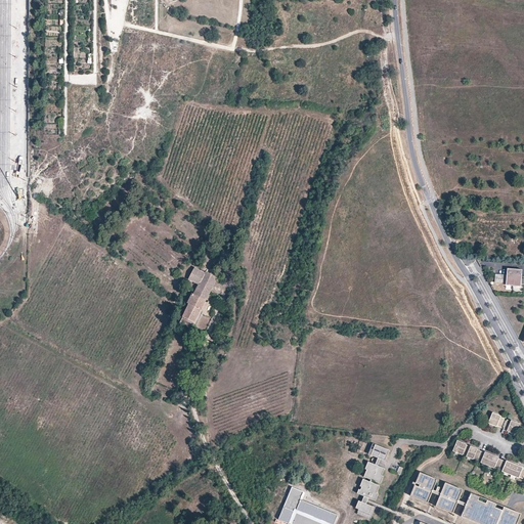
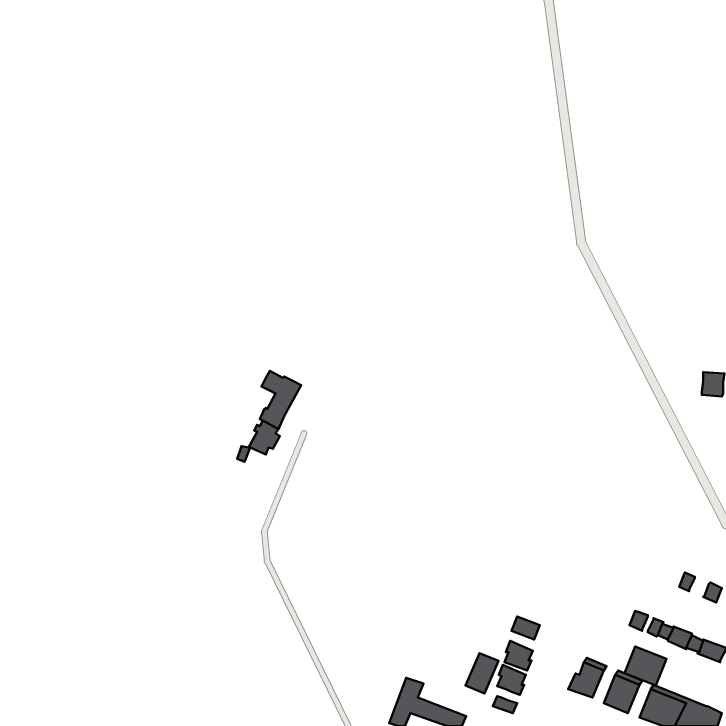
building: none -> [625,647,666,686]
building: none -> [466,653,498,693]

